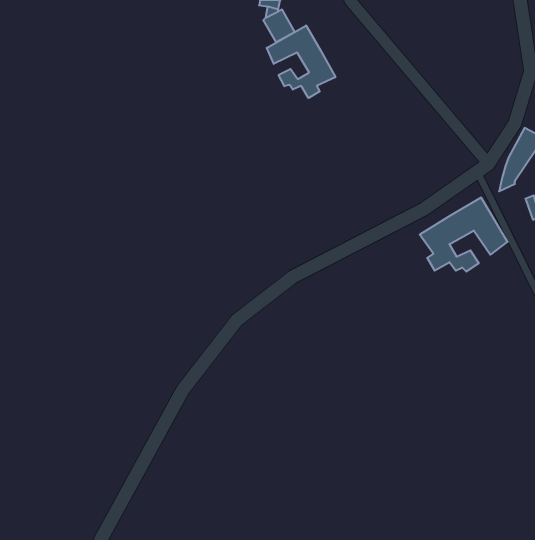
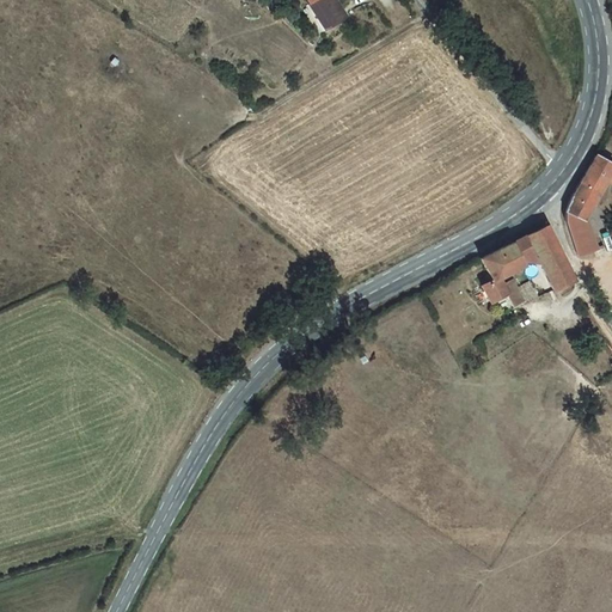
building: [267,25,335,98] -> none
building: none -> [570,208,601,244]

